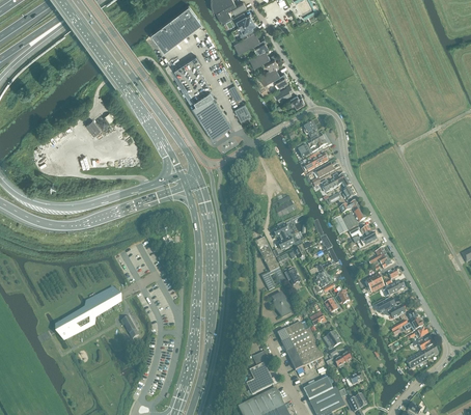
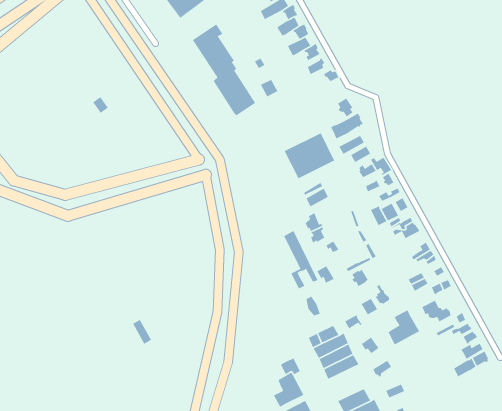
building: none -> [284,132,335,180]
building: [56,287,120,340] -> none
building: none -> [388,309,420,345]

